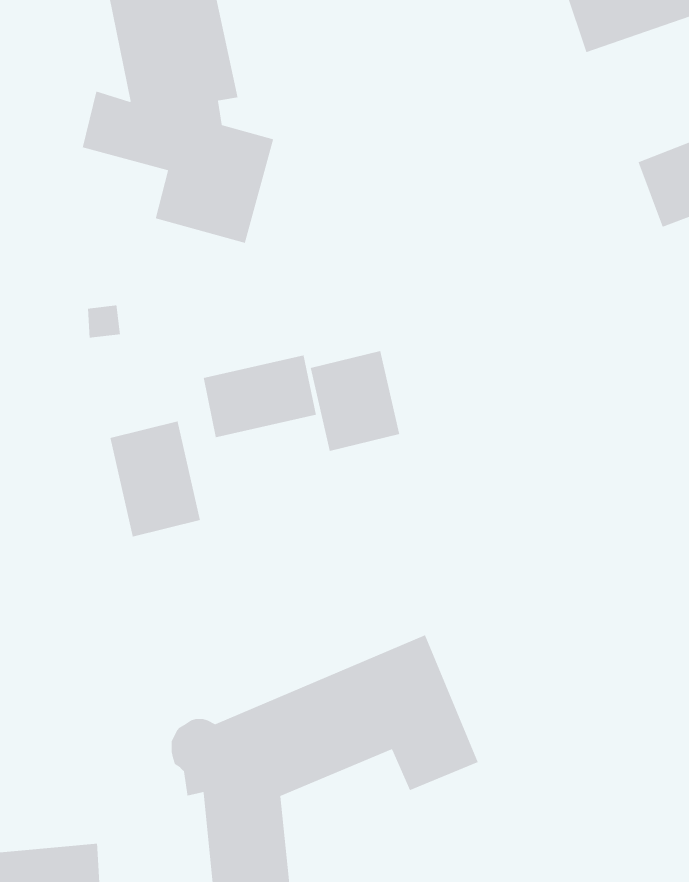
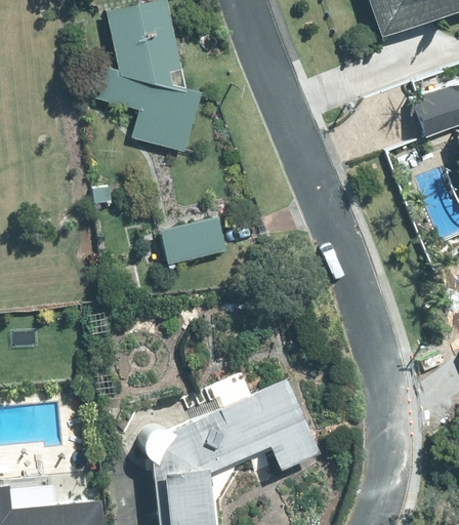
building: [310,350,400,452] -> none
building: [109,420,201,537] -> none

